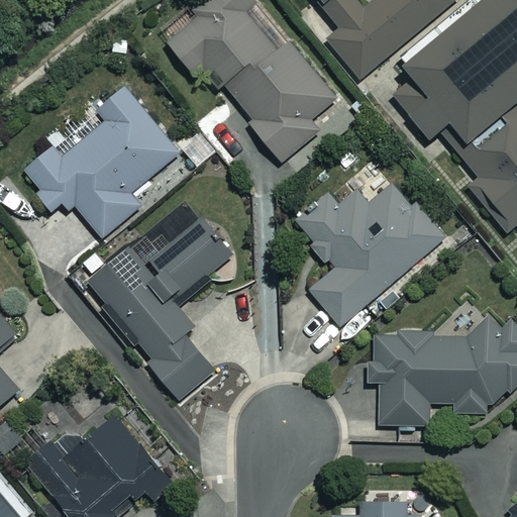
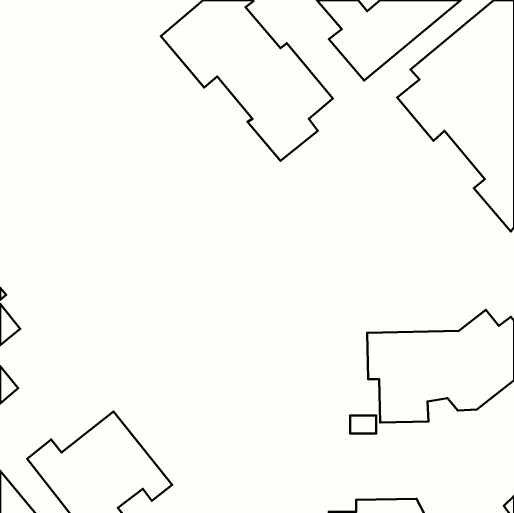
building: [23,85,180,237] -> none
building: [296,181,446,327] -> none
building: [81,219,230,400] -> none

